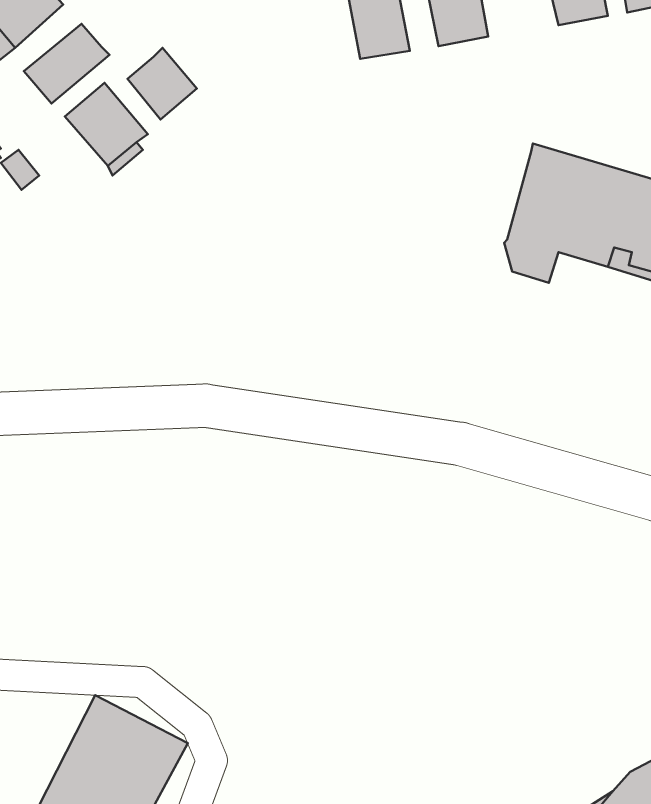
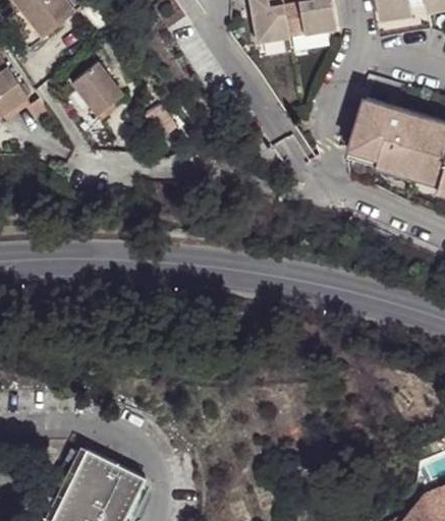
building: [24,24,110,104] -> none
building: [128,48,197,119] -> none

